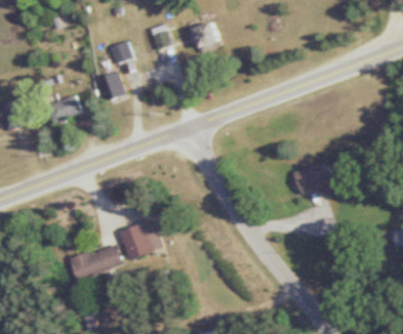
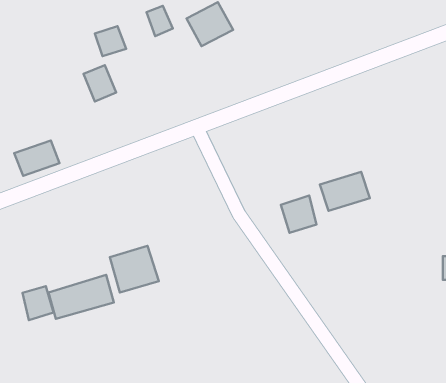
building: [45,95,82,124] -> [14,141,60,176]
building: none -> [281,196,317,233]
building: none -> [23,286,53,320]

